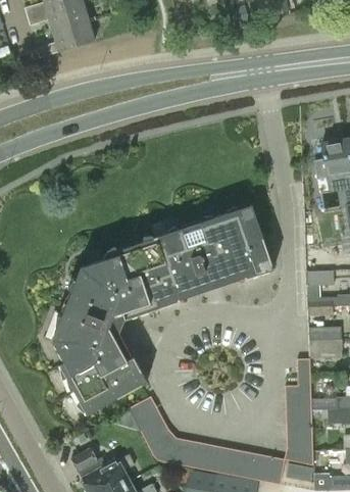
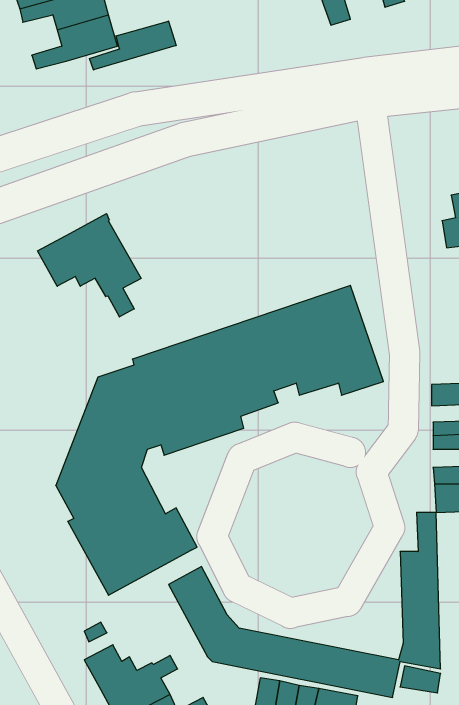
building: none -> [89,21,176,70]
building: none -> [38,214,141,317]

